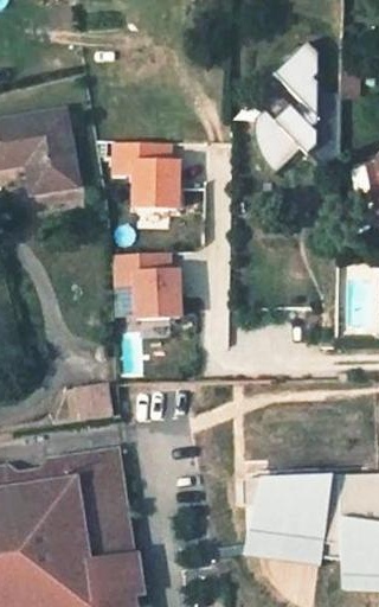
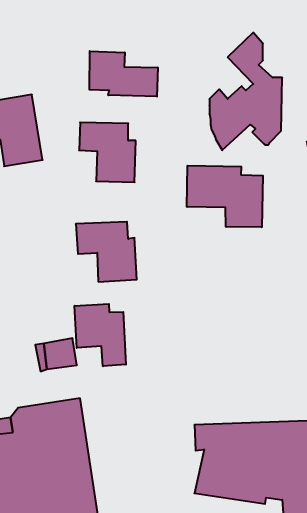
building: none -> [89,51,158,97]
building: none -> [187,166,263,227]
building: none -> [75,304,126,366]

